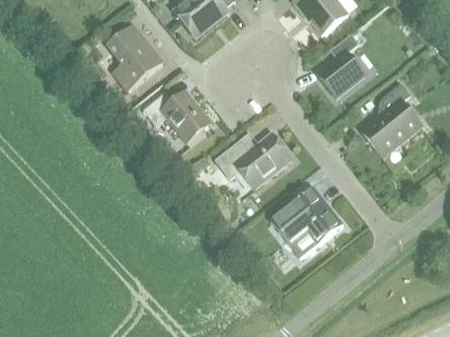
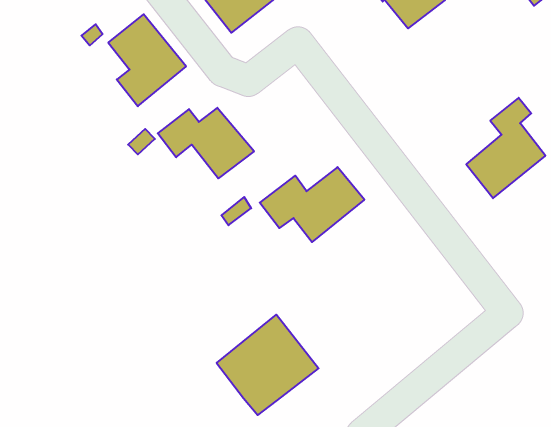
building: [317,33,364,96] -> none
building: [270,186,343,258] -> [217,315,319,415]

